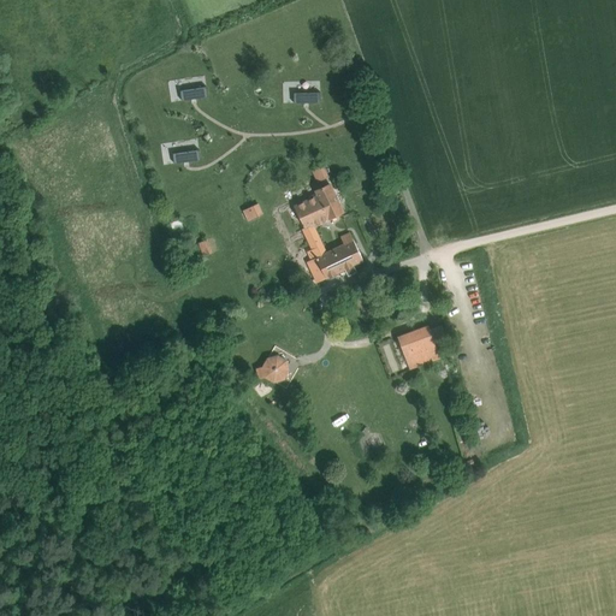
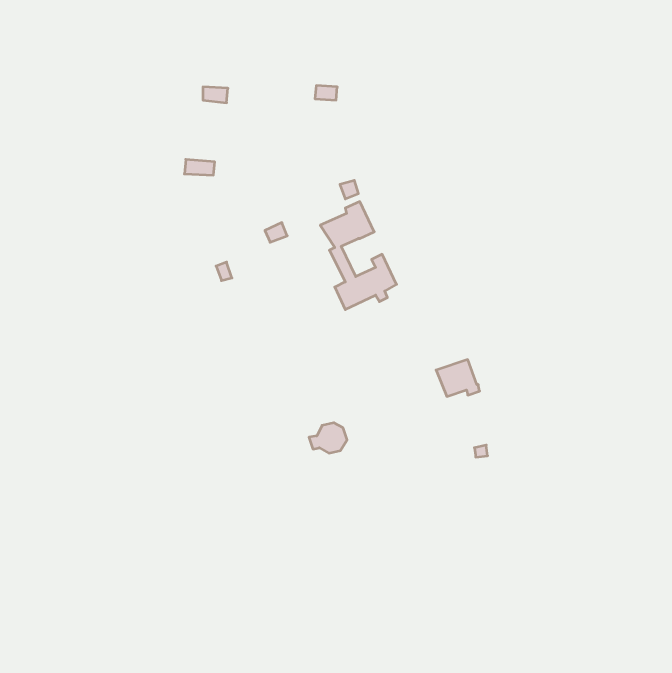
building: [254,355,289,383] -> [309,423,347,453]

